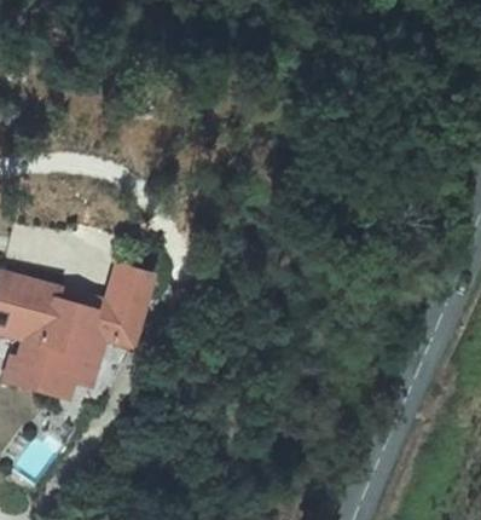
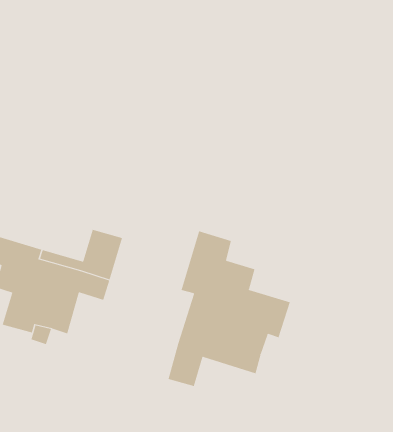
building: none -> [168,230,291,387]

